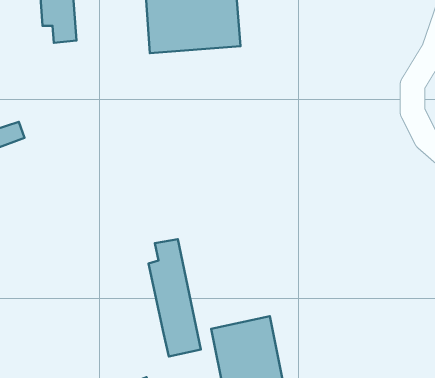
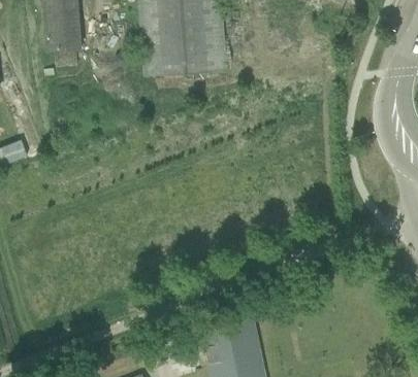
building: [148,239,201,356] -> none

